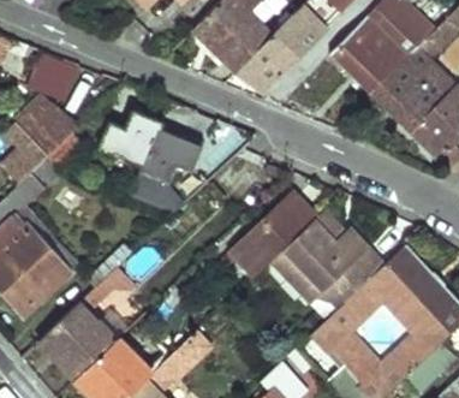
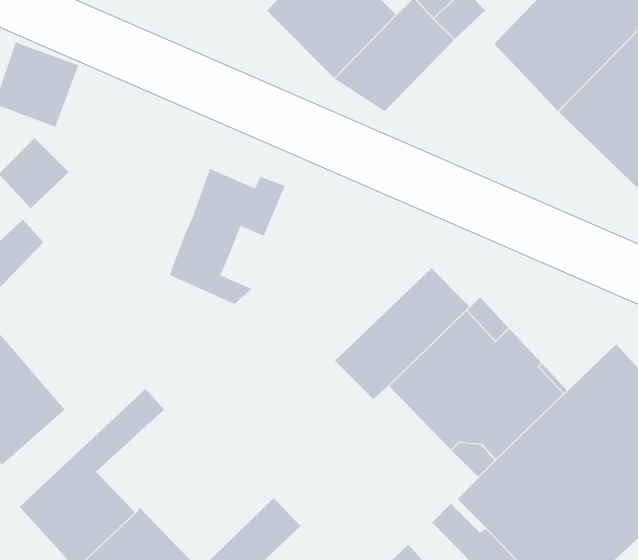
building: [99,112,162,160] -> none

